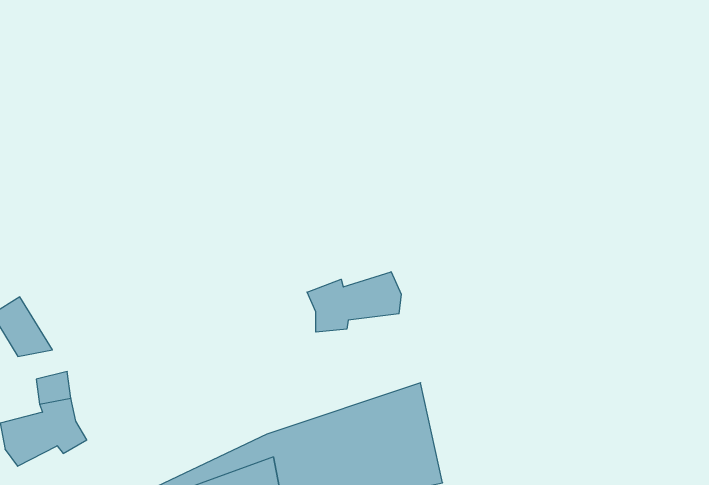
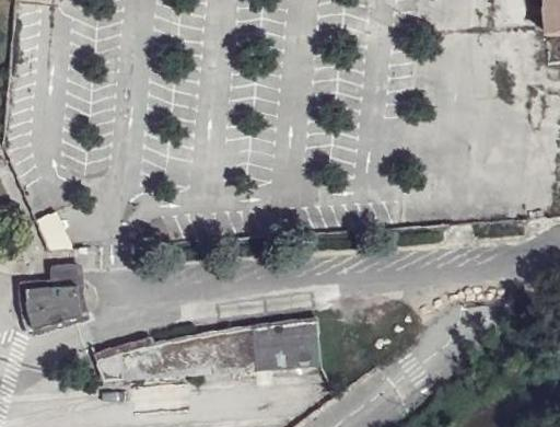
building: [307,272,401,332] -> none

